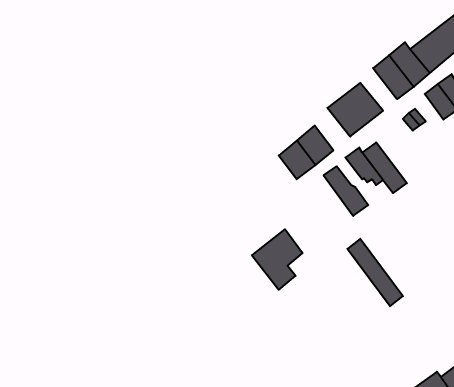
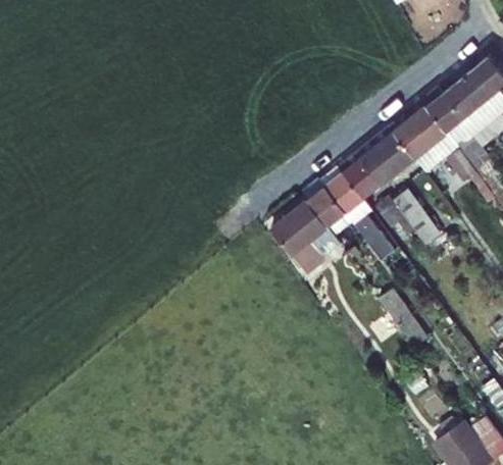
building: none -> [390,114,432,158]
building: none -> [342,155,383,199]
building: [252,229,303,290] -> [275,204,328,266]

